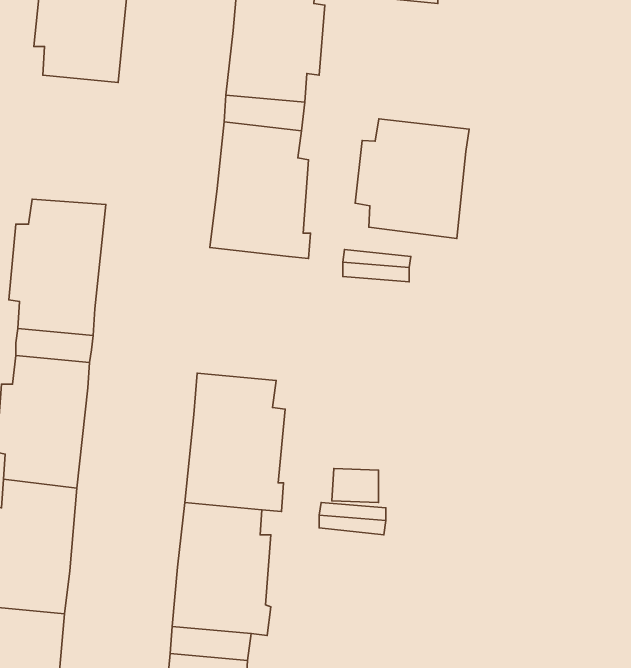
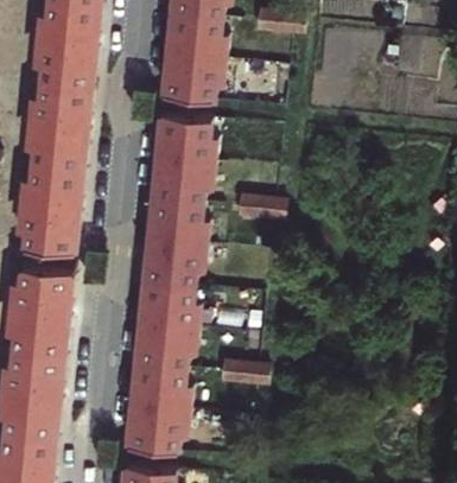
building: none -> [26,81,90,166]
building: [355,119,469,238] -> none
building: none -> [142,195,209,284]

